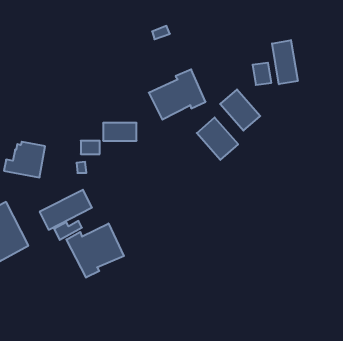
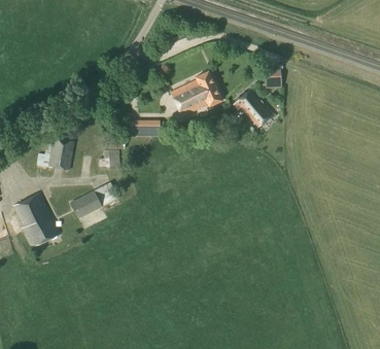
building: [272,40,298,84] -> none
building: [197,117,238,160] -> none
building: [66,223,124,278] -> none

